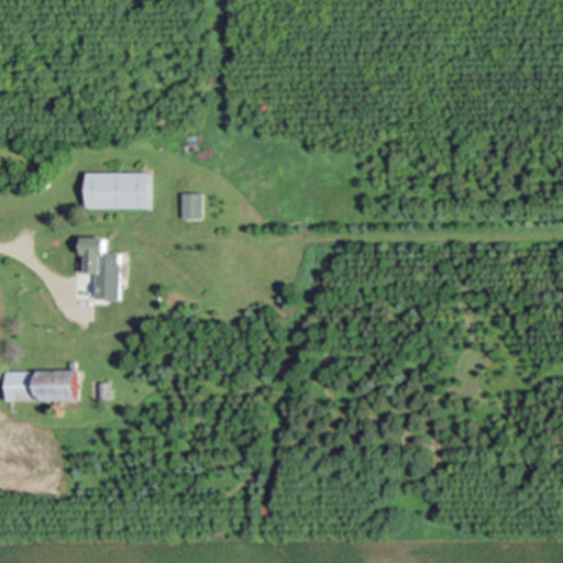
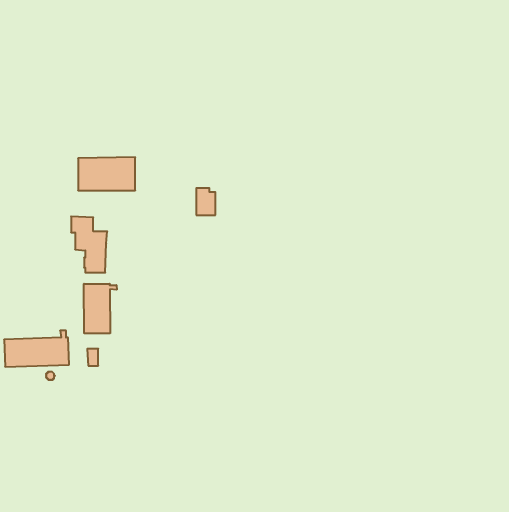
building: [180,189,201,219] -> [196,188,215,215]
building: none -> [84,284,117,333]

